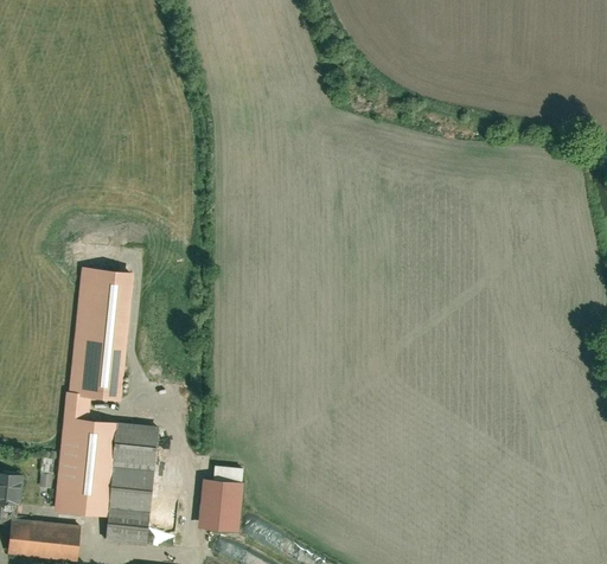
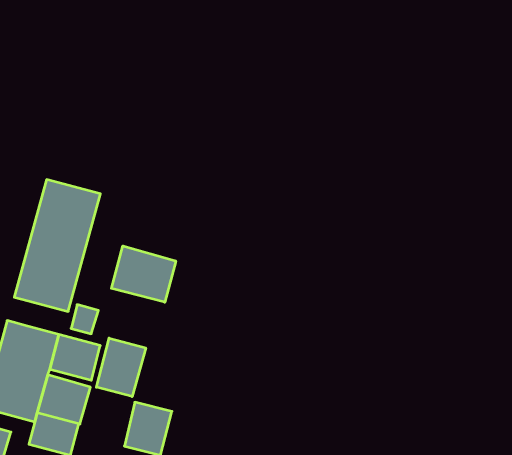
building: none -> [111,246,176,302]
building: [62,391,87,418] -> [71,305,98,334]
building: none -> [96,338,146,397]

